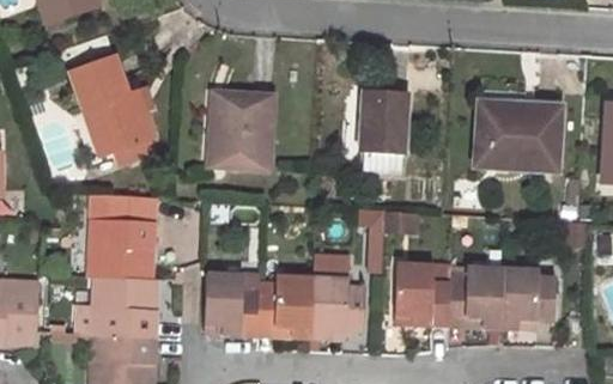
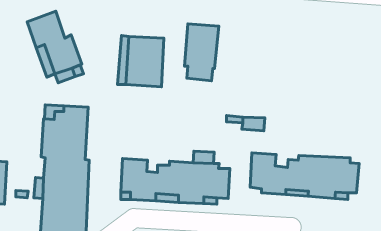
building: [357,89,407,172] -> [185,24,219,81]
building: [475,104,556,167] -> none

